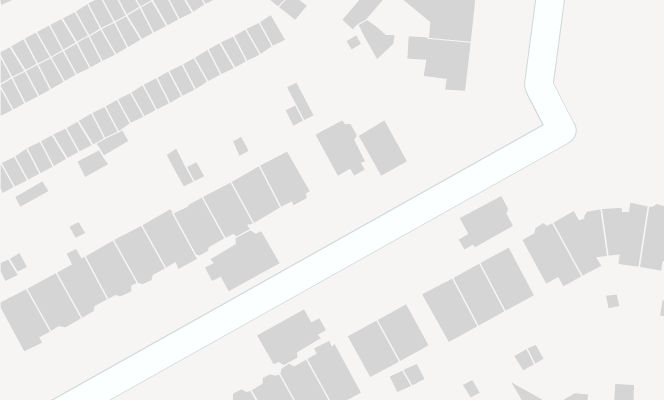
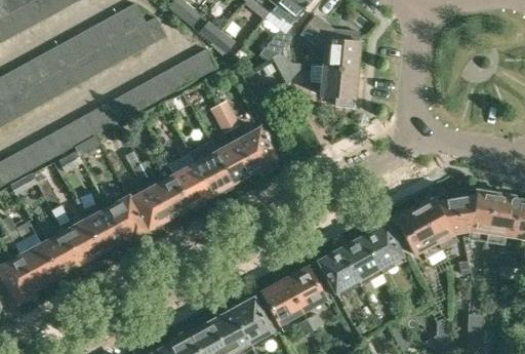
building: [358,120,408,176] -> [218,139,256,182]
building: [458,195,514,250] -> none
building: [204,230,280,292] -> none
building: [256,308,327,366] -> none

